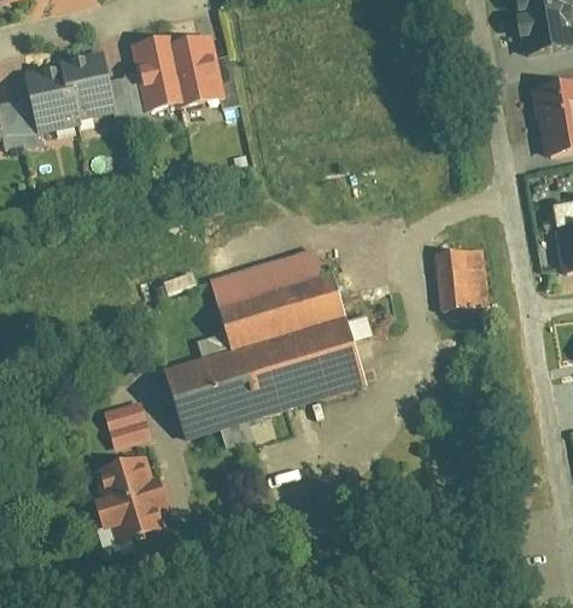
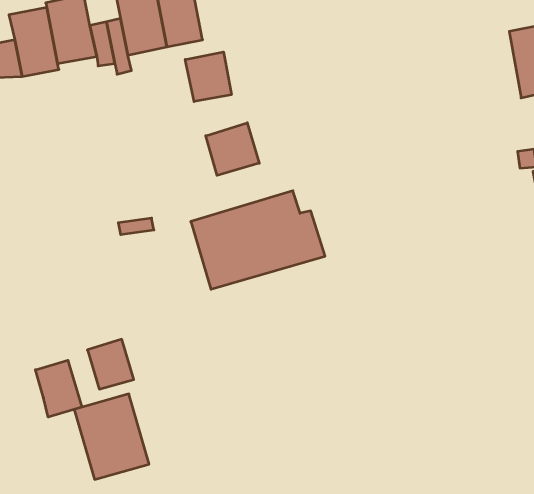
building: none -> [185,52,231,102]
building: none -> [206,123,259,175]
building: [435,249,487,310] -> none
building: [164,315,367,437] -> none
building: none -> [35,360,82,417]

